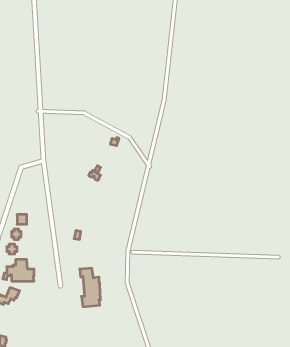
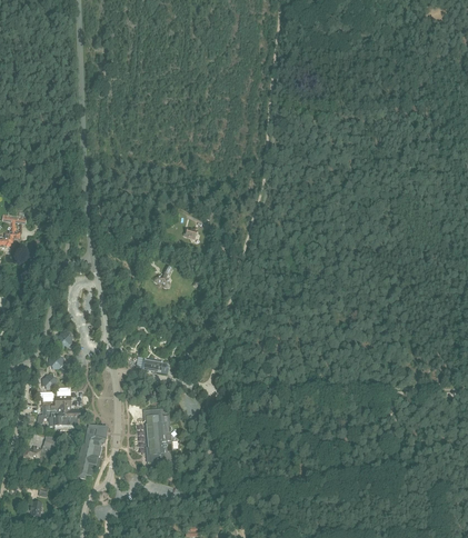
building: none -> [76,424,106,478]

